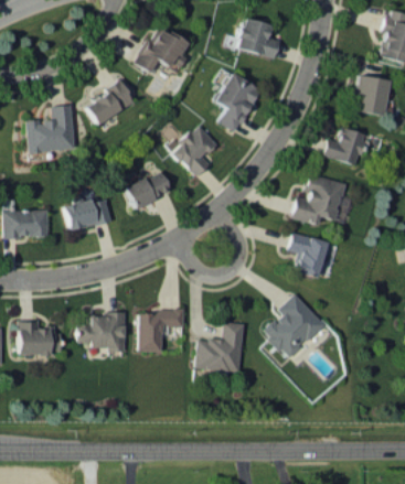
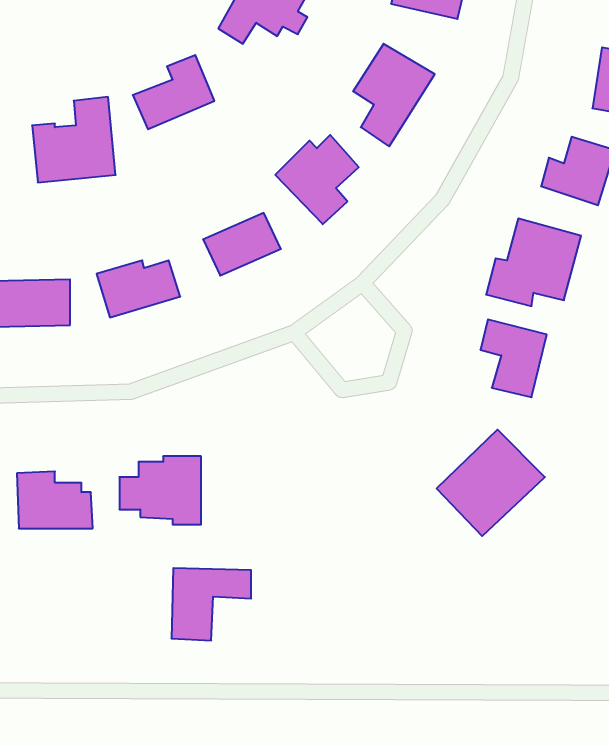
building: [139,310,185,352] -> [171,568,251,640]
building: [196,322,245,372] -> none

